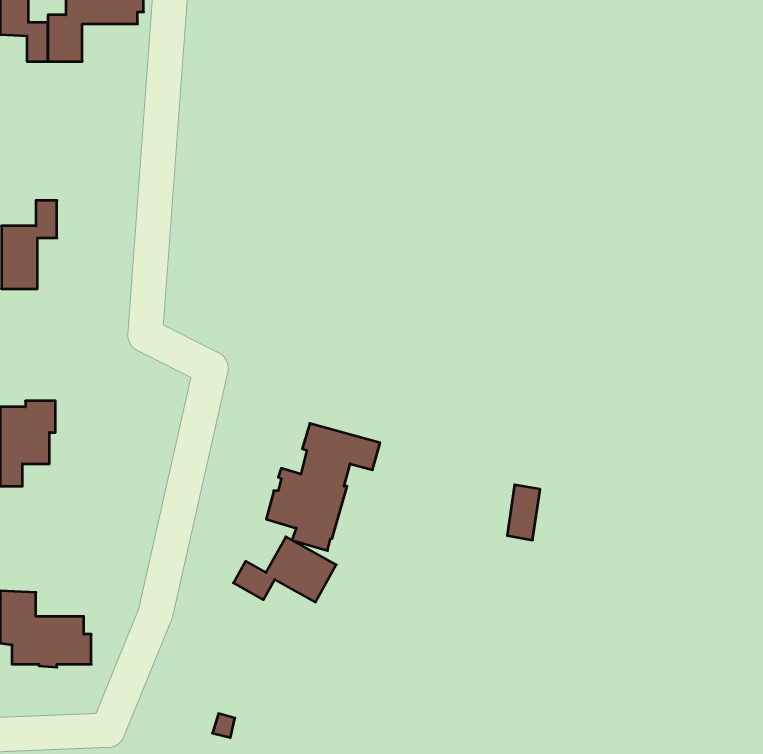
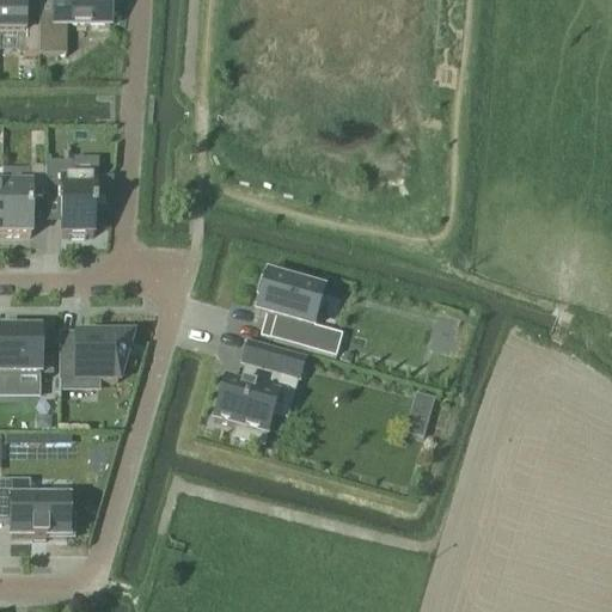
building: none -> [47,157,96,233]
building: none -> [257,270,342,353]
building: none -> [59,328,131,394]
building: [233,537,336,602] -> none

